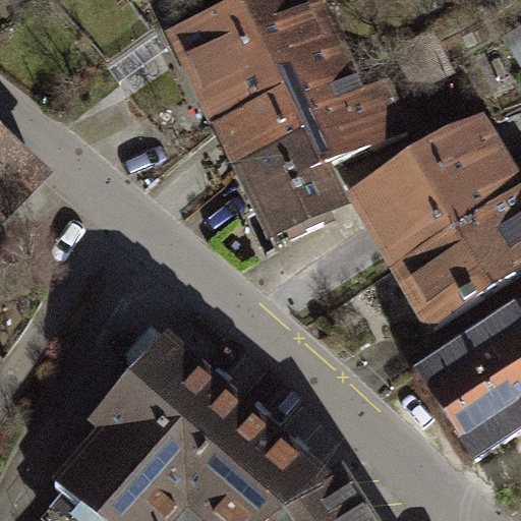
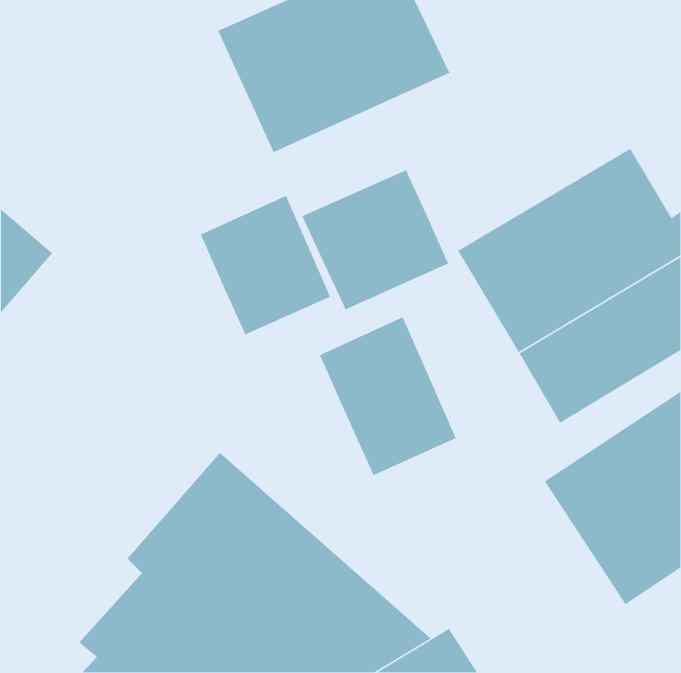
building: [209,56,411,165] -> none
building: none -> [200,195,331,336]
building: none -> [319,316,457,476]

